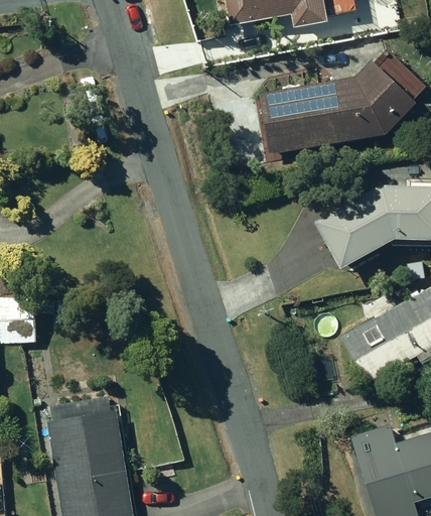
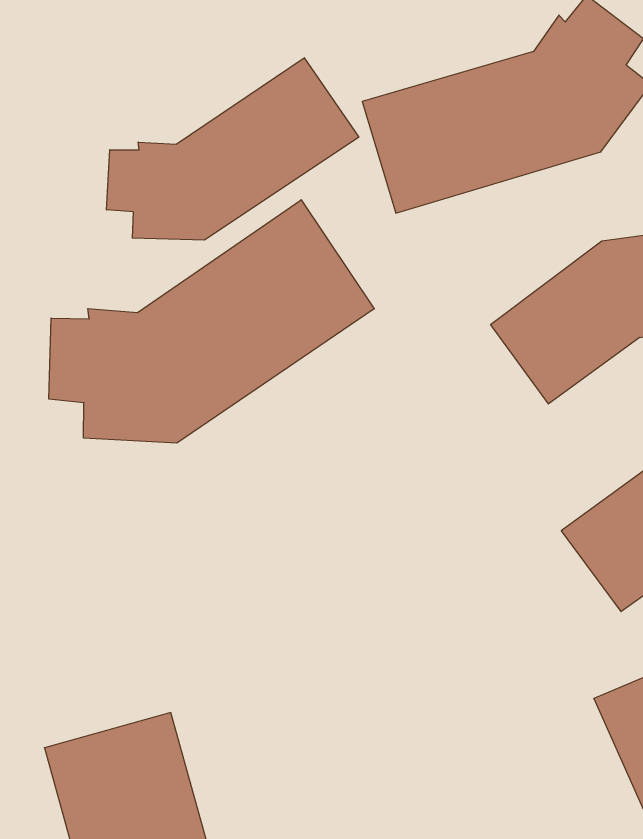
building: none -> [107,58,359,240]
building: none -> [49,200,374,443]

